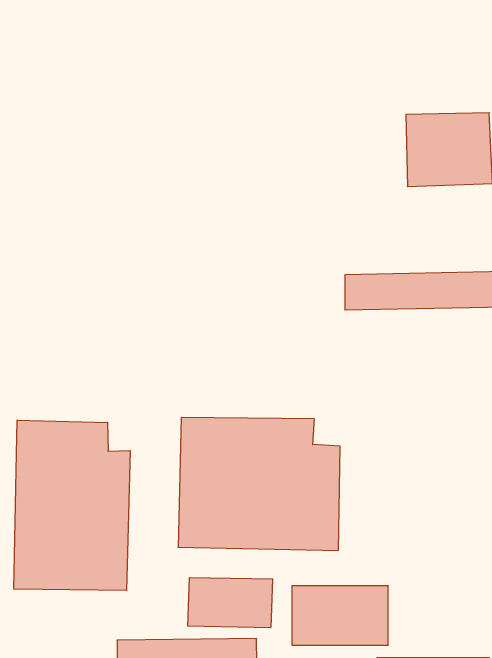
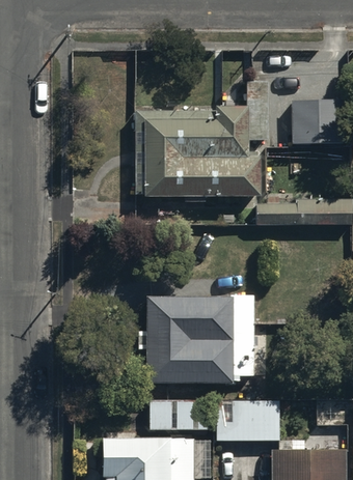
building: none -> [136,113,261,199]
building: [14,420,130,591] -> none

